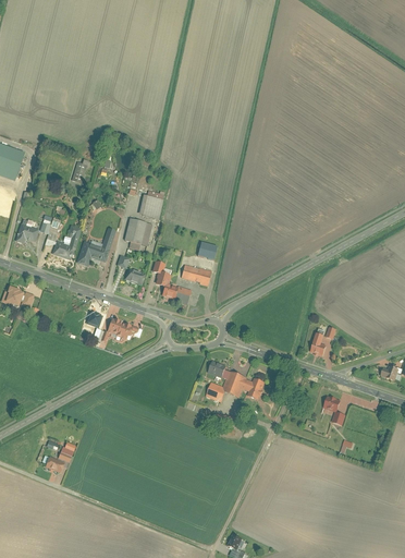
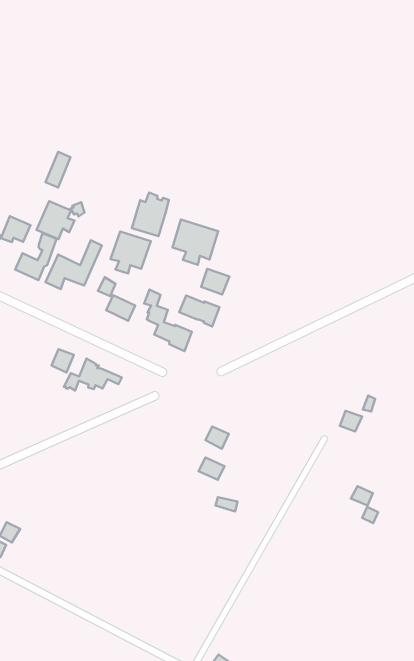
building: none -> [36,201,74,239]
building: none -> [172,219,218,265]
building: [222,372,262,402] -> none

